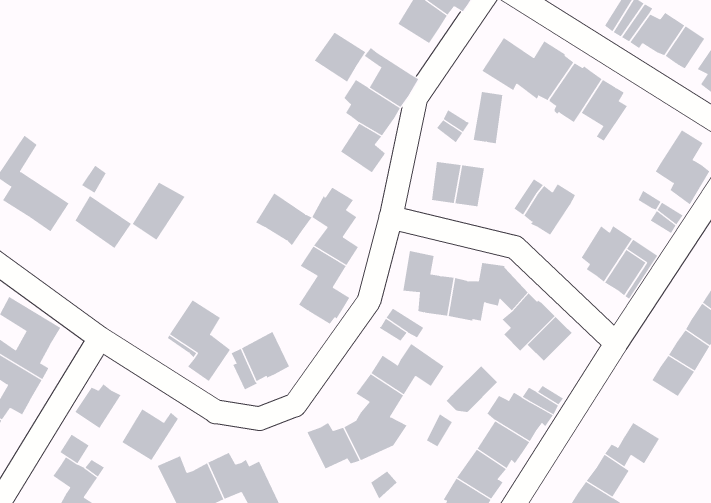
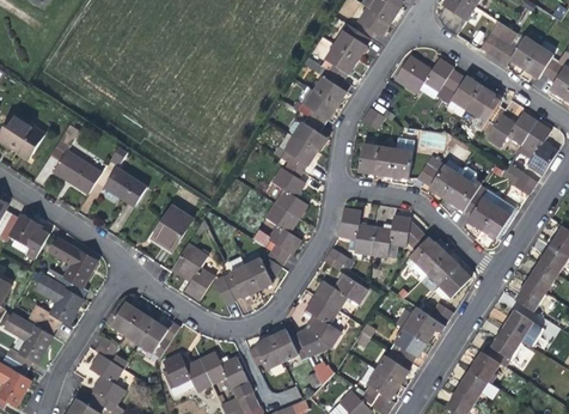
building: [314,32,366,82] -> [319,45,356,81]
building: [473,92,503,144] -> [391,141,412,178]
building: none -> [481,104,536,147]
building: [132,182,186,241] -> [153,208,191,250]
building: [255,192,312,246] -> [280,136,320,175]
building: none -> [442,168,478,212]
building: none -> [245,250,286,290]
building: [446,365,498,412] -> [433,266,470,299]
building: none -> [122,310,152,343]
building: none -> [501,310,533,341]
building: none -> [247,336,282,370]

